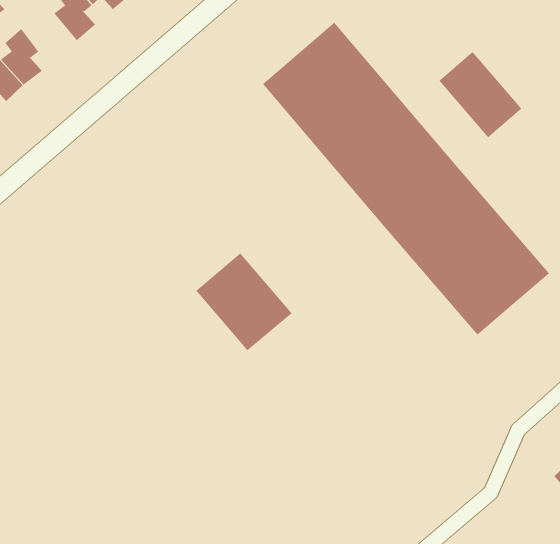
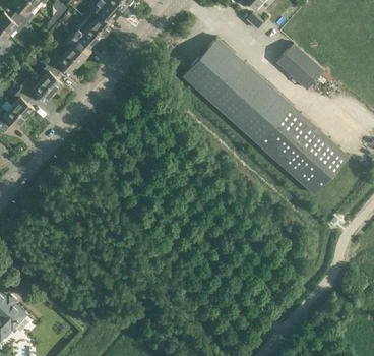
building: none -> [48,53,78,75]
building: [195,252,292,351] -> none

